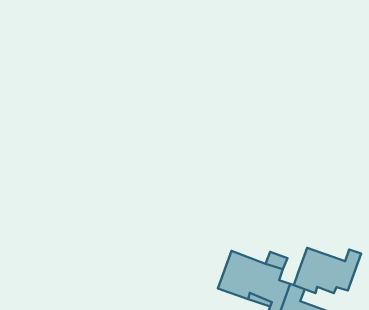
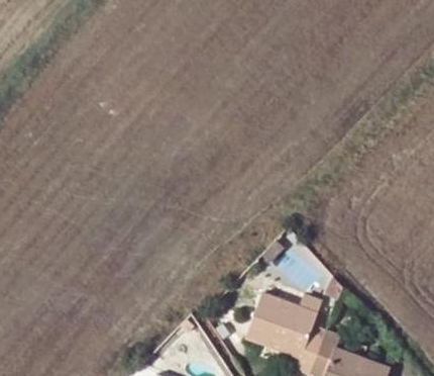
building: [294,248,361,293] -> none

